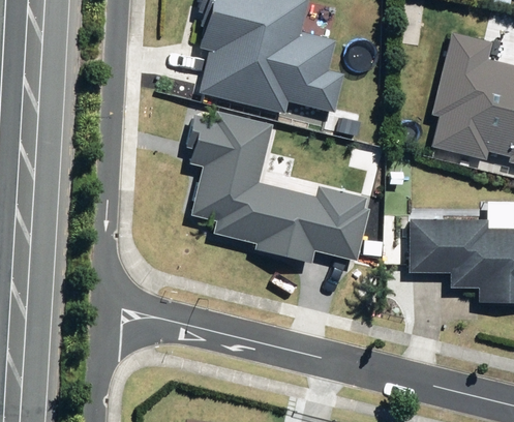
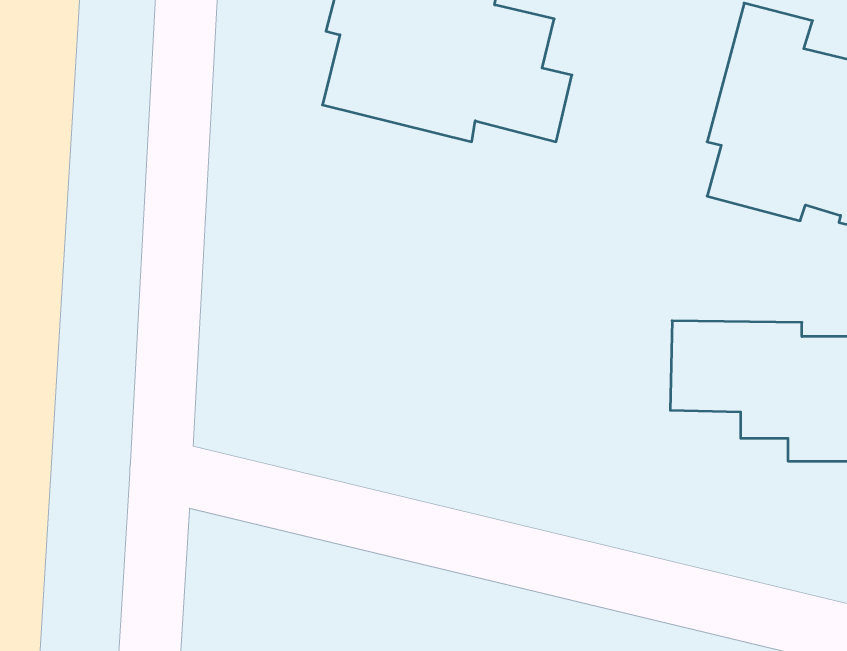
building: [186,112,367,263] -> none

